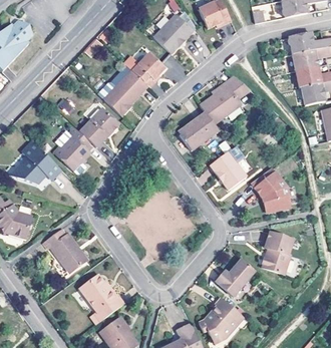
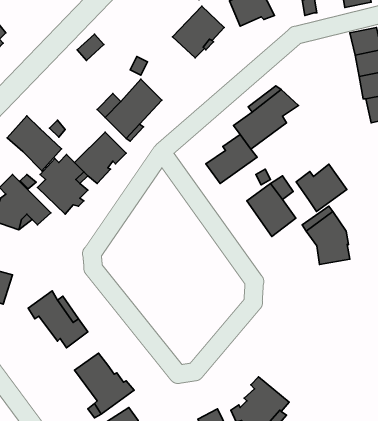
building: [130,53,164,87] -> none
building: none -> [7,116,62,171]
building: none -> [296,164,347,211]
building: [261,231,292,273] -> none
building: [217,258,255,294] -> none

